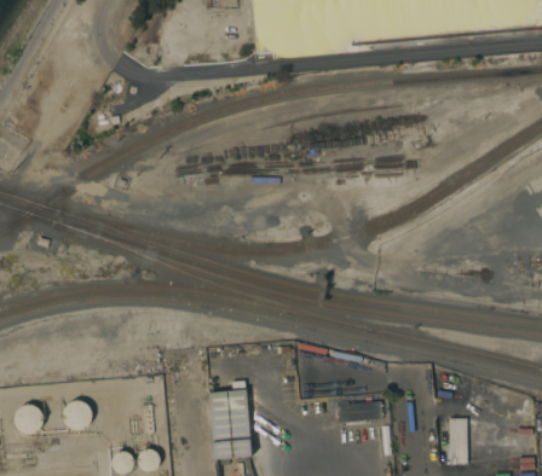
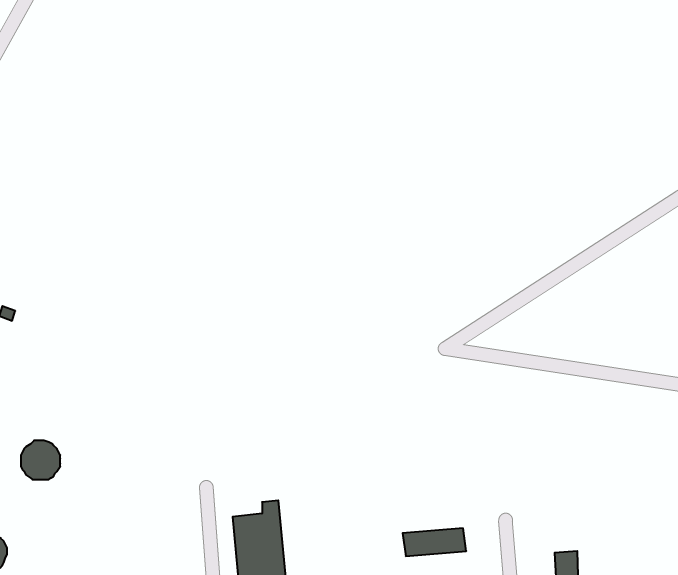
building: [63,401,92,430] -> [21,440,60,480]

